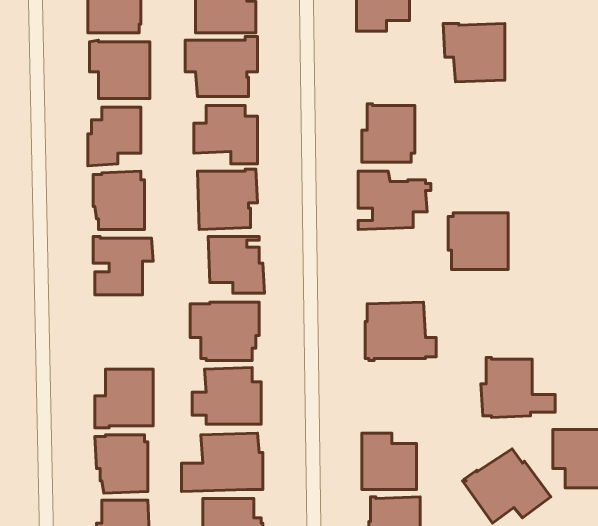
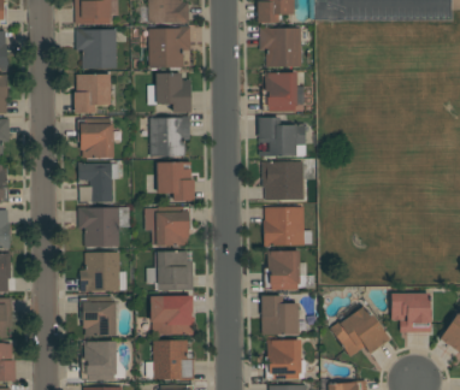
building: [443,23,505,82] -> [259,28,301,67]
building: [448,213,508,270] -> [263,162,303,201]
building: none -> [78,208,130,247]
building: [481,357,555,418] -> [264,250,314,291]

